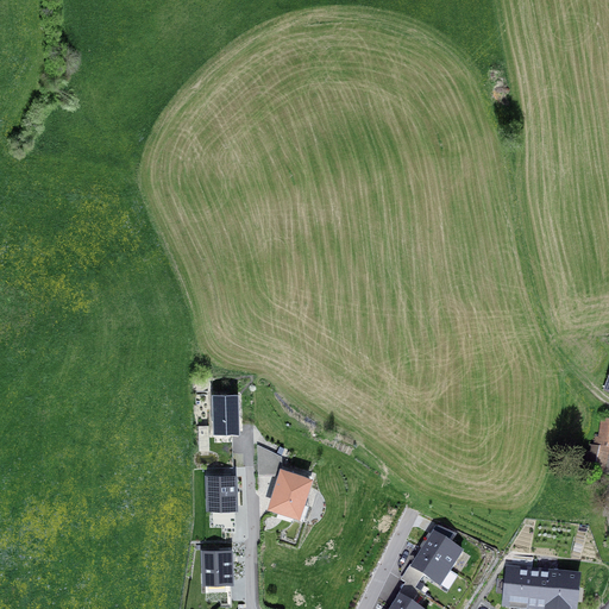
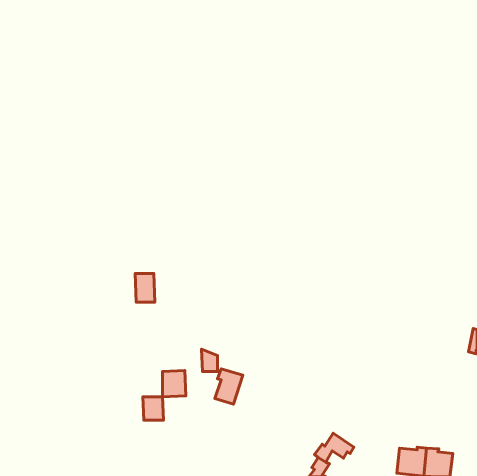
building: [213,395,238,432] -> [135,273,155,302]
building: [425,526,462,571] -> none
building: [205,552,231,582] -> [143,397,163,420]

